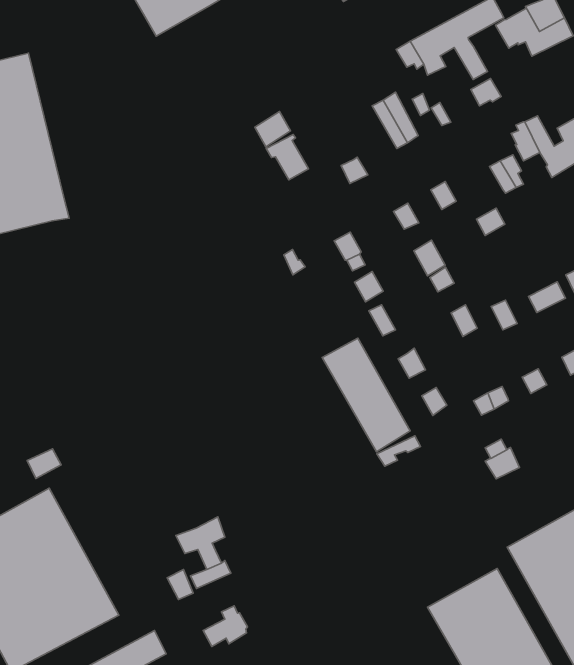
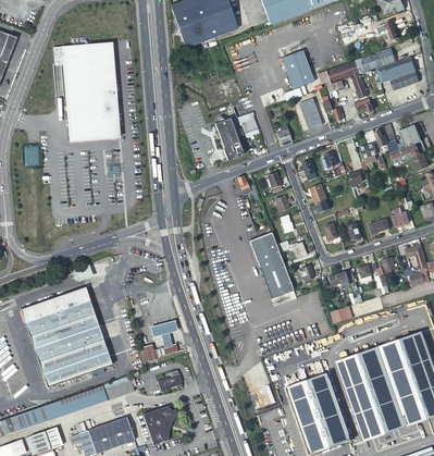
building: none -> [283,50,315,89]
building: none -> [214,118,243,160]

